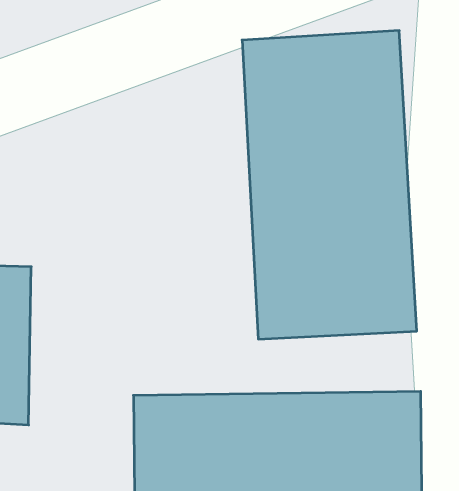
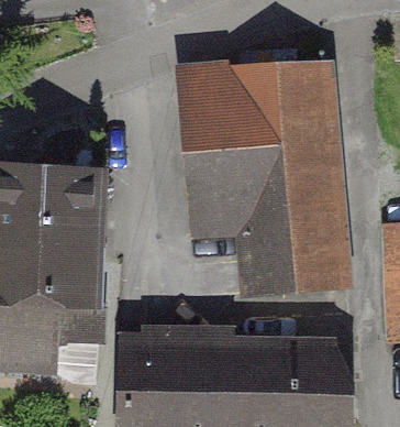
building: none -> [34,155,109,316]

